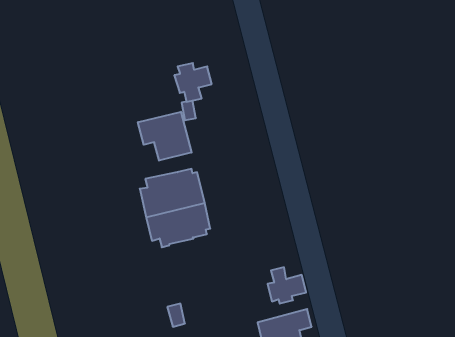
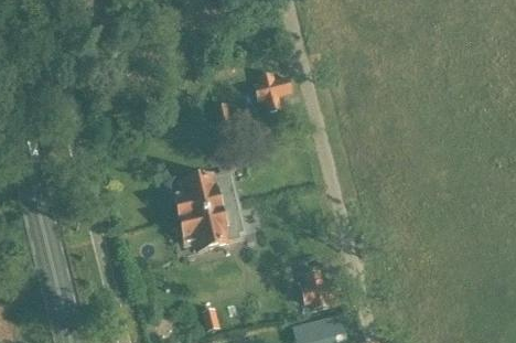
building: [174,63,212,102] -> [254,73,291,111]
building: [138,112,192,161] -> none

